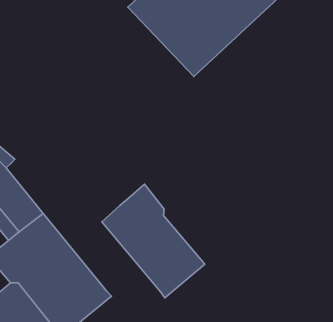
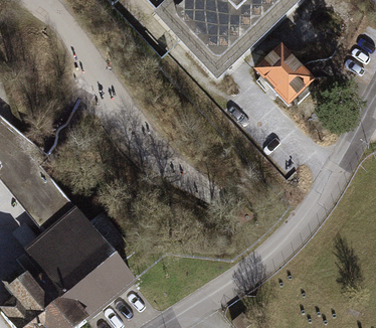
building: none -> [253,44,309,101]
building: [102,184,205,298] -> none

